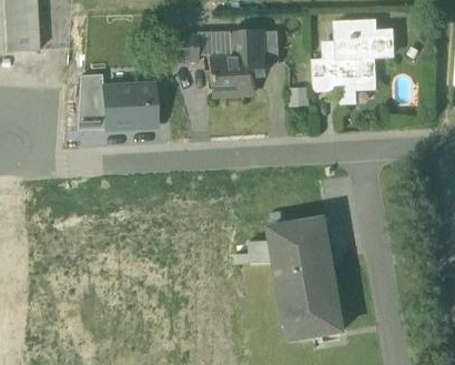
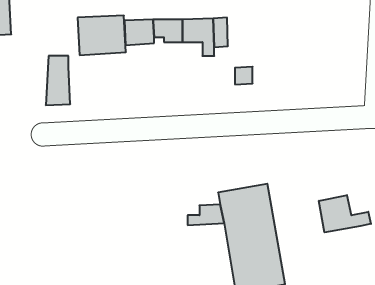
building: [312,19,392,88] -> none
building: [209,58,253,94] -> none
building: [101,83,155,128] -> [78,16,126,55]
building: none -> [319,195,371,232]

